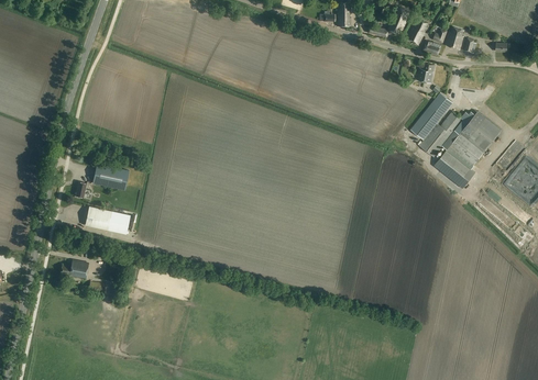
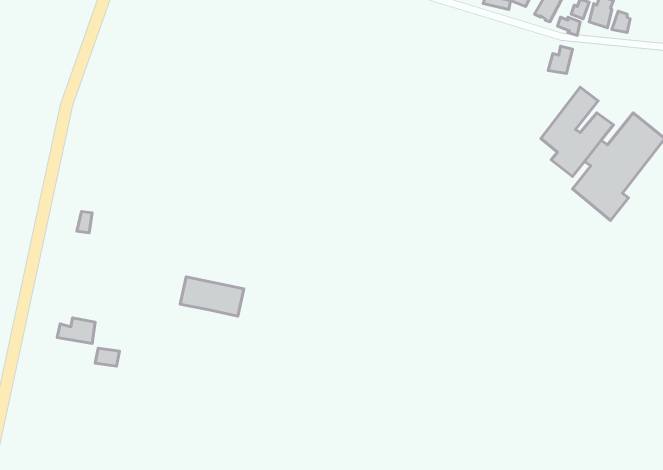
building: [91,164,128,190] -> none
building: [84,205,130,234] -> [180,277,244,316]

